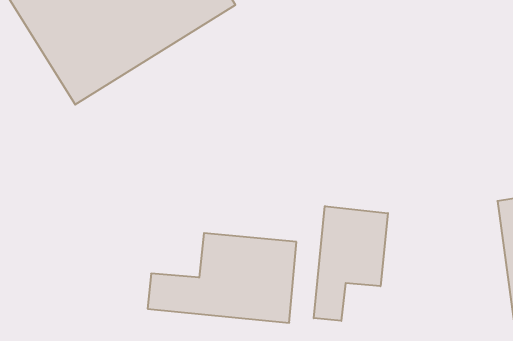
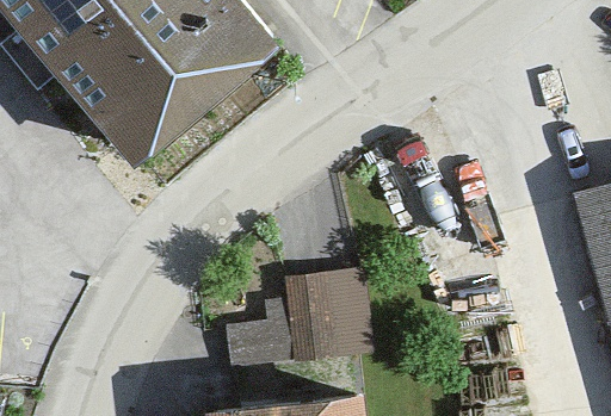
building: [314,206,388,321] -> none

